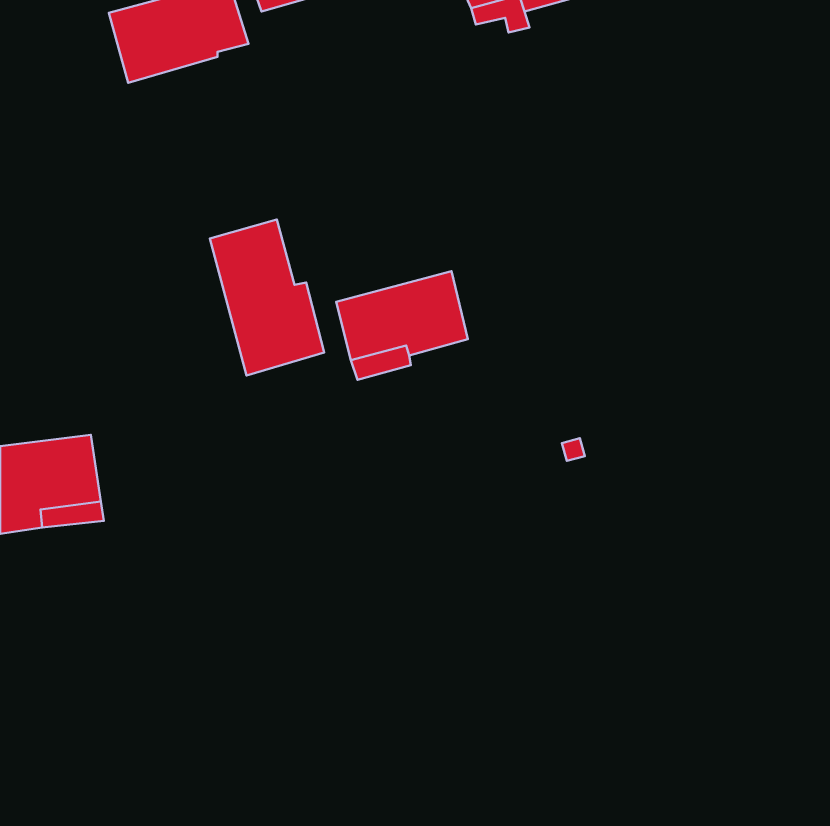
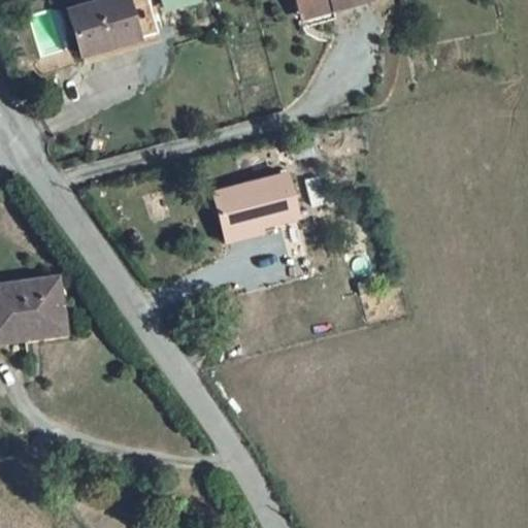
building: [210,219,324,376] -> none

